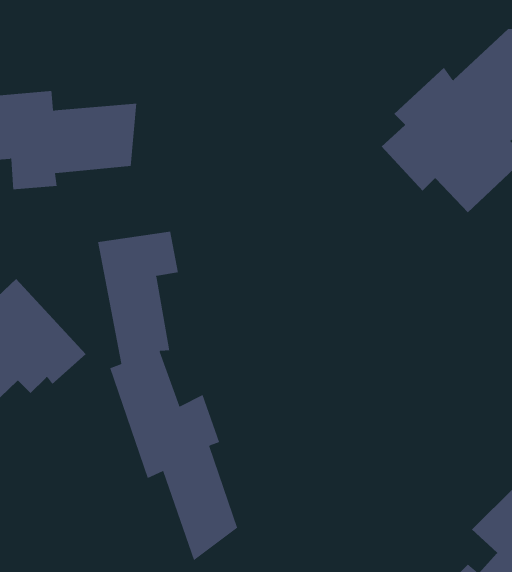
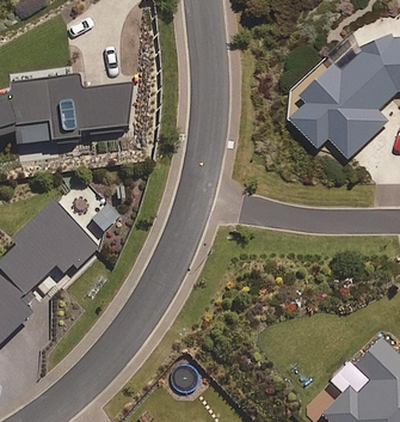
building: [97,231,238,561] -> none

